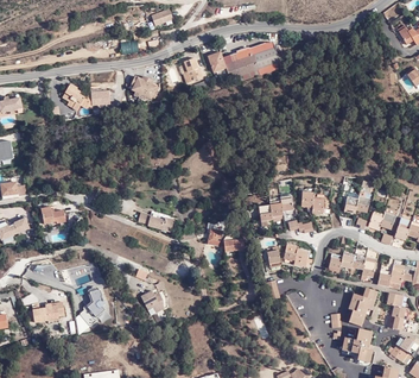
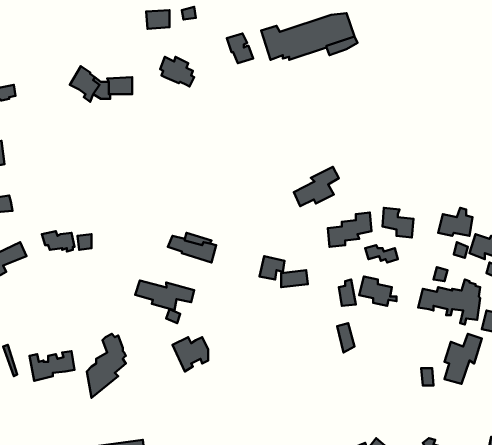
building: none -> [294,167,339,206]
building: none -> [135,281,194,310]
building: [342,328,373,363] -> none

